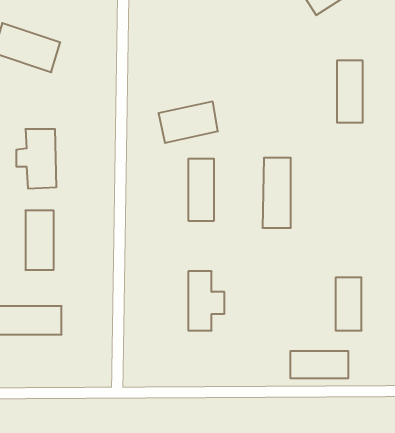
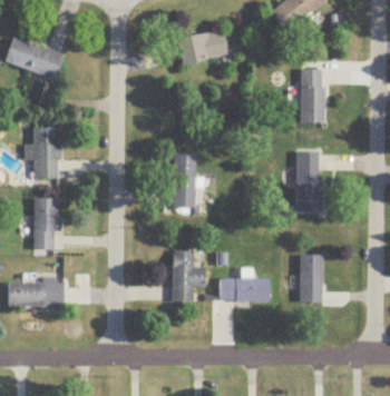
building: [158,102,218,143] -> [176,30,227,66]
building: [262,158,291,228] -> [296,151,321,211]
building: [290,351,348,378] -> [220,278,270,301]

